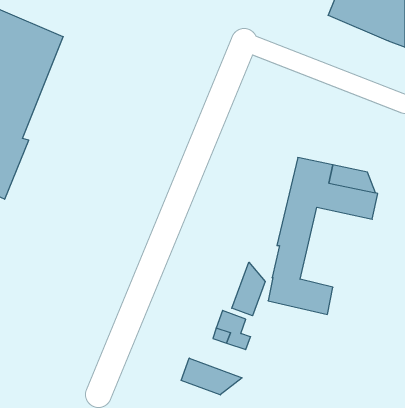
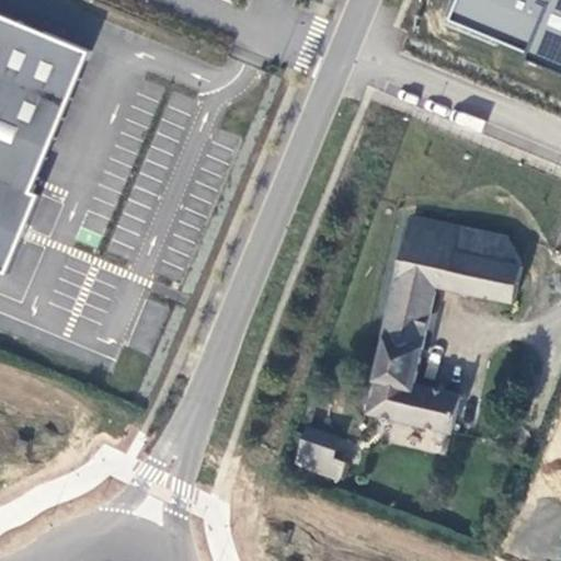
building: [232,262,265,316] -> none
building: [181,358,242,395] -> none

